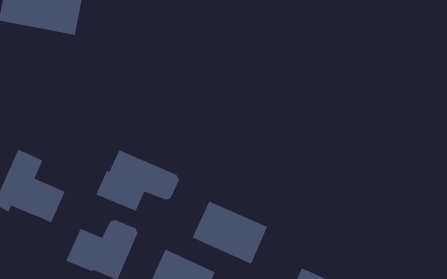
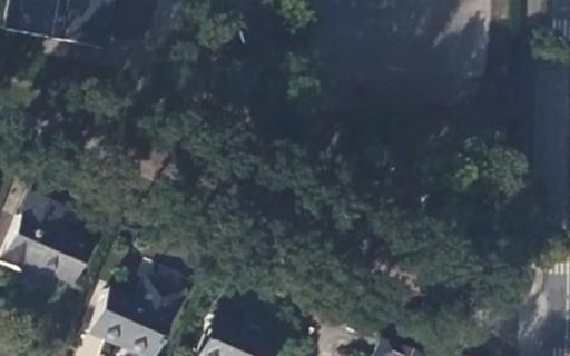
building: [95,149,180,212] -> none
building: [192,200,268,265] -> none

